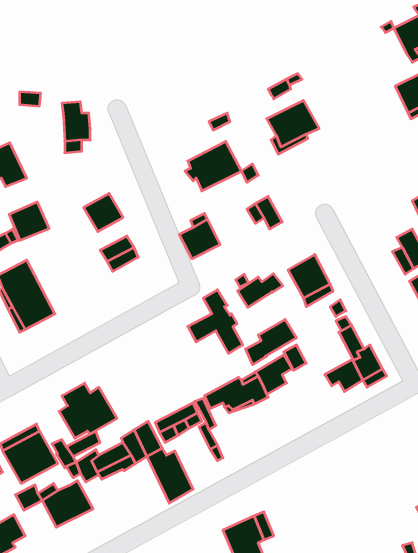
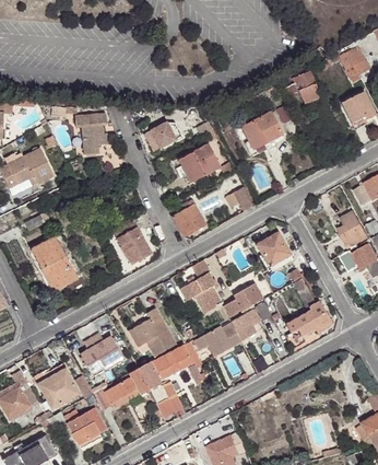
building: none -> [285,72,319,102]
building: none -> [152,121,184,148]
building: [84,193,123,232] -> [122,234,153,264]
building: [9,202,49,240] -> none
building: [238,274,283,307] -> none
building: none -> [130,310,175,357]

